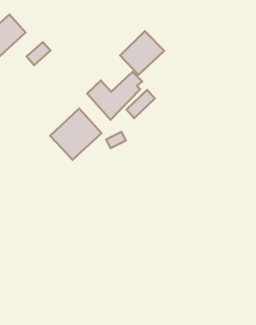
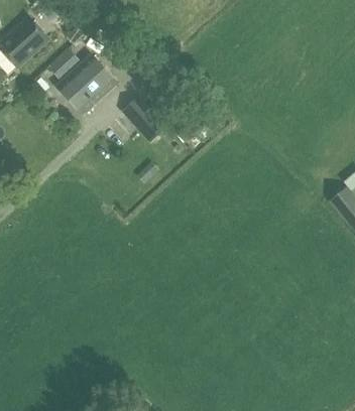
building: [120,31,164,75] -> none
building: [50,108,102,160] -> [55,54,116,115]

